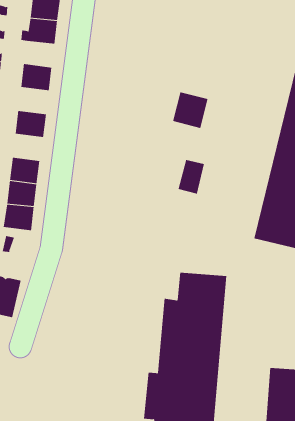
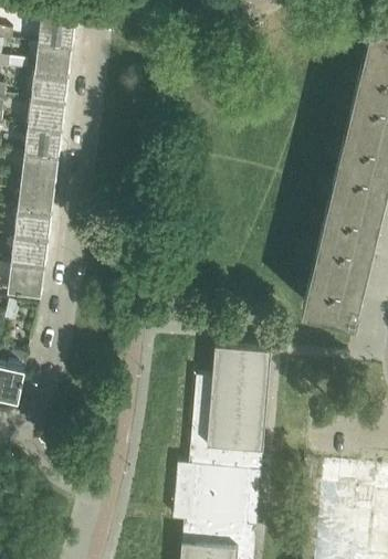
building: none -> [31,76,69,107]
building: none -> [24,130,62,162]
building: [173,91,208,129] -> none
building: none -> [18,186,55,218]
building: [178,159,205,194] -> none

